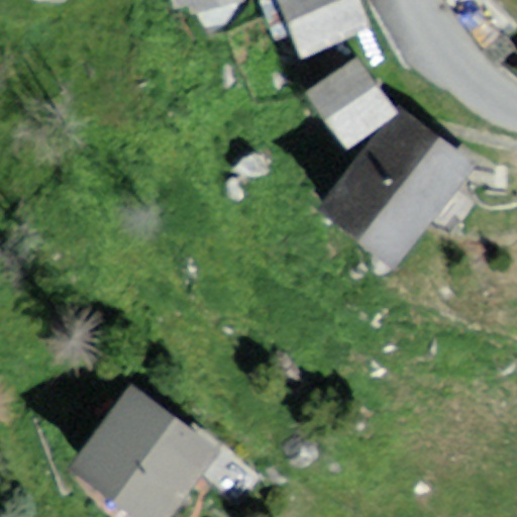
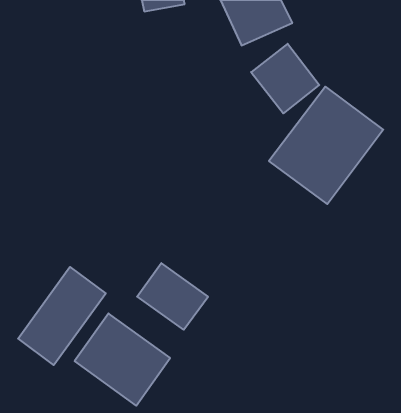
building: none -> [137,263,208,330]
building: none -> [18,267,106,365]

